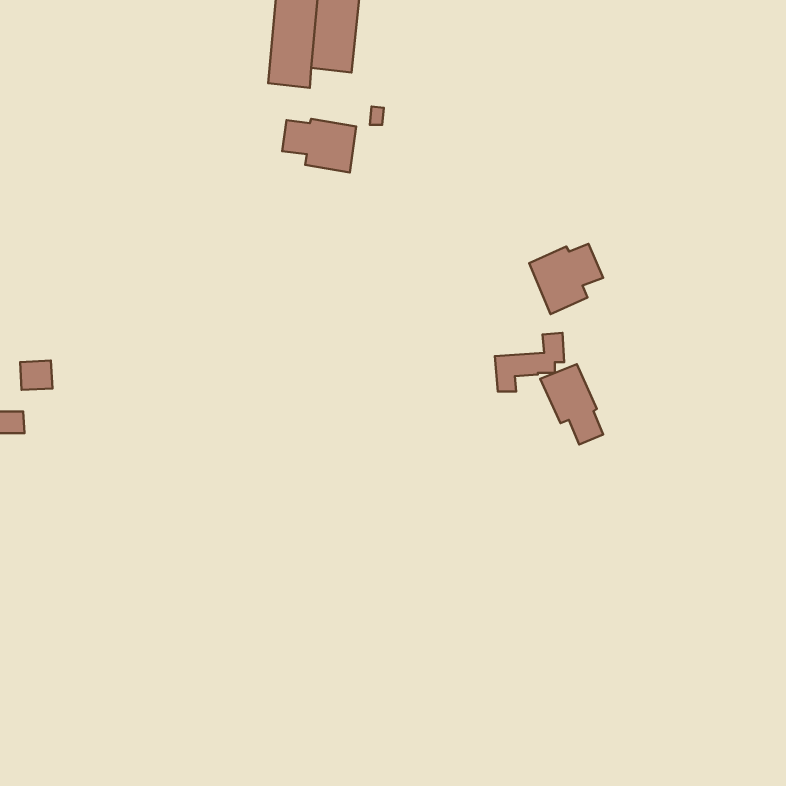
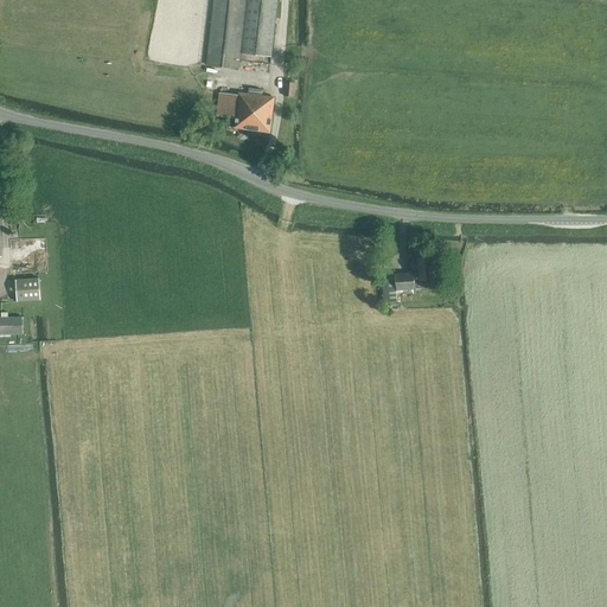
building: [529,244,603,314] -> none
building: [540,364,603,445] -> none

